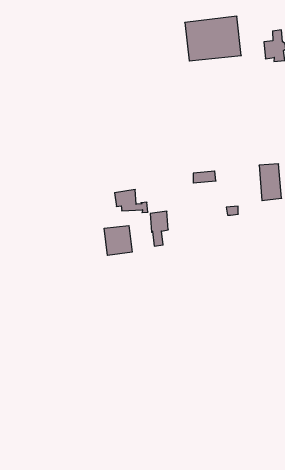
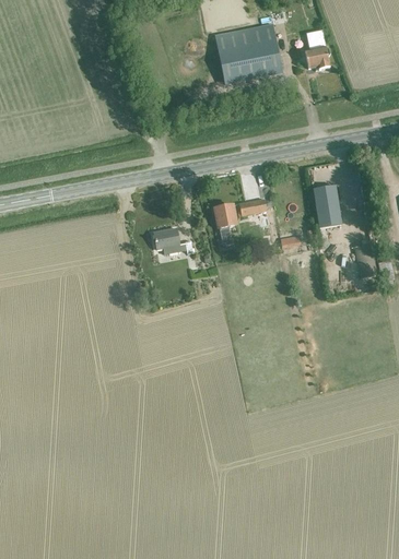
building: [150,211,168,246] -> [214,203,236,243]
building: [104,226,132,255] -> none

